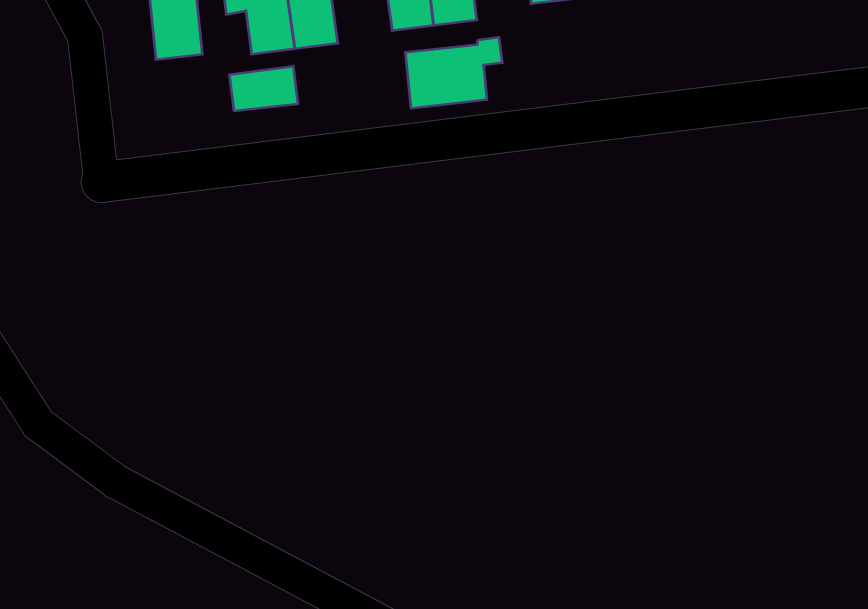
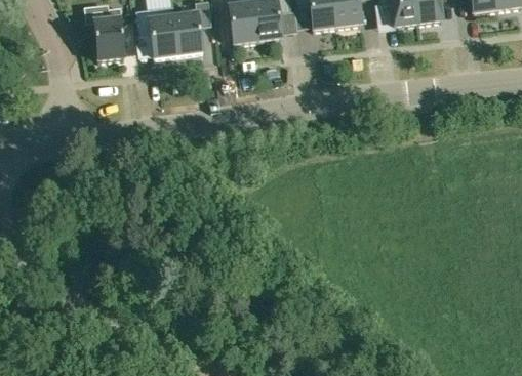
building: [405,37,502,108] -> none
building: [230,66,298,111] -> none

